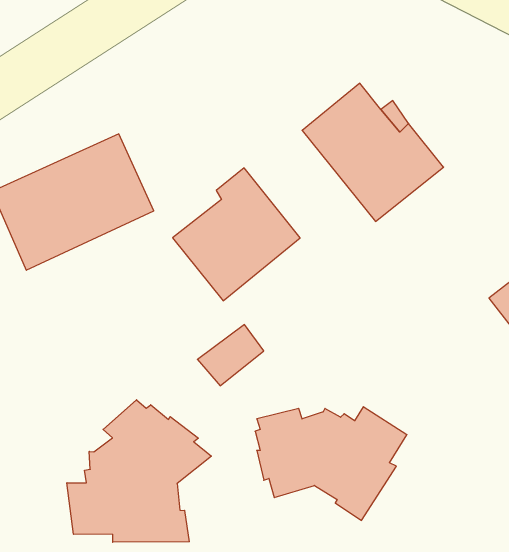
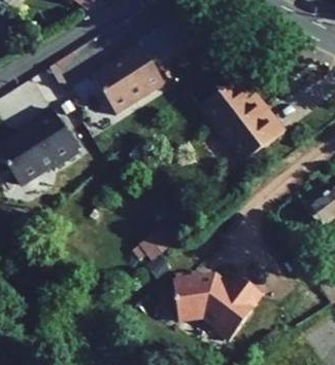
building: [173,168,300,301] -> [90,38,165,116]
building: [67,400,211,542] -> none

